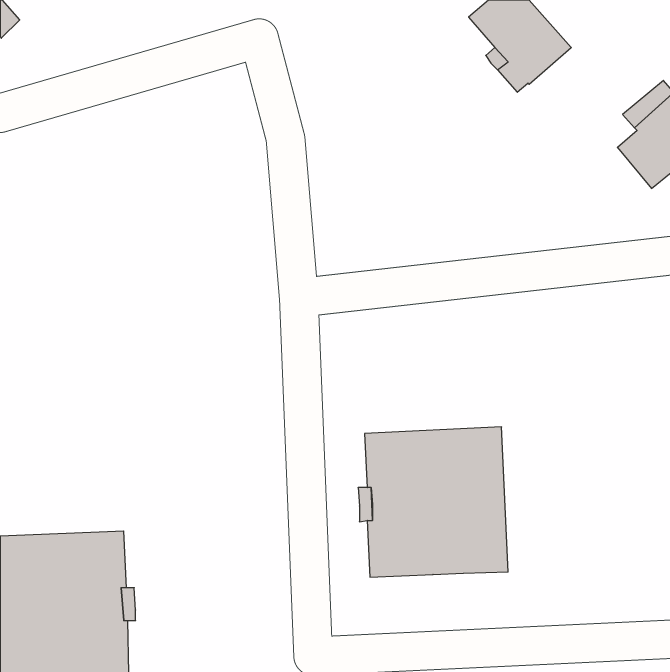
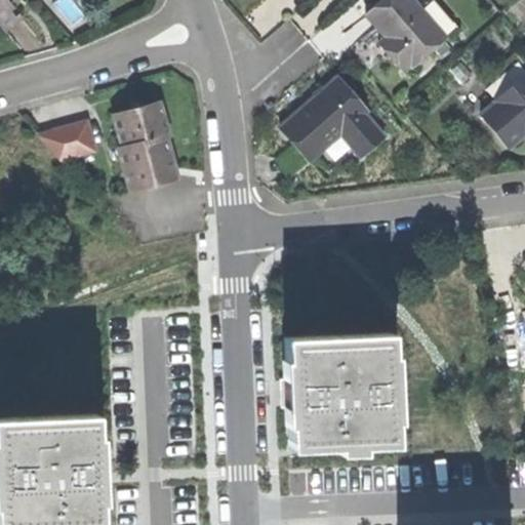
building: none -> [282,80,385,162]
building: none -> [116,104,178,192]
building: none -> [39,123,95,161]

